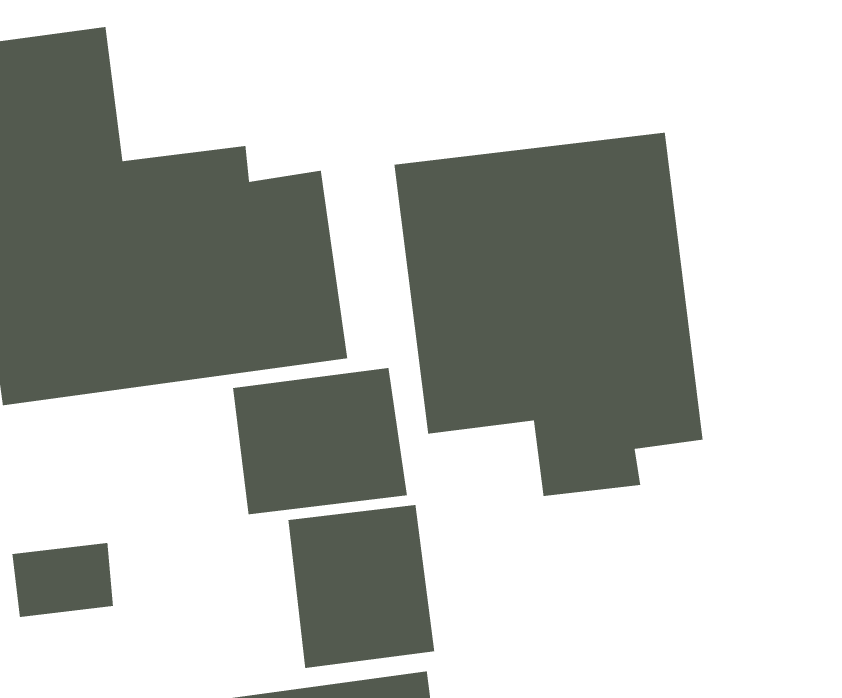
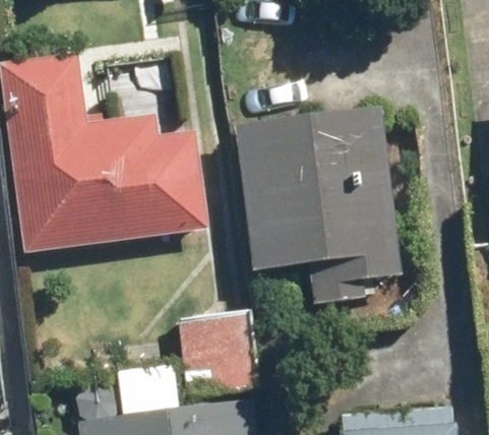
building: [232,367,408,515] -> none

